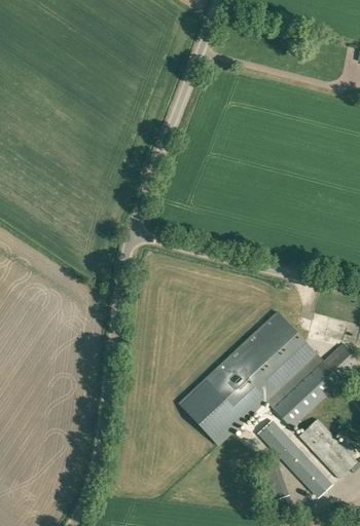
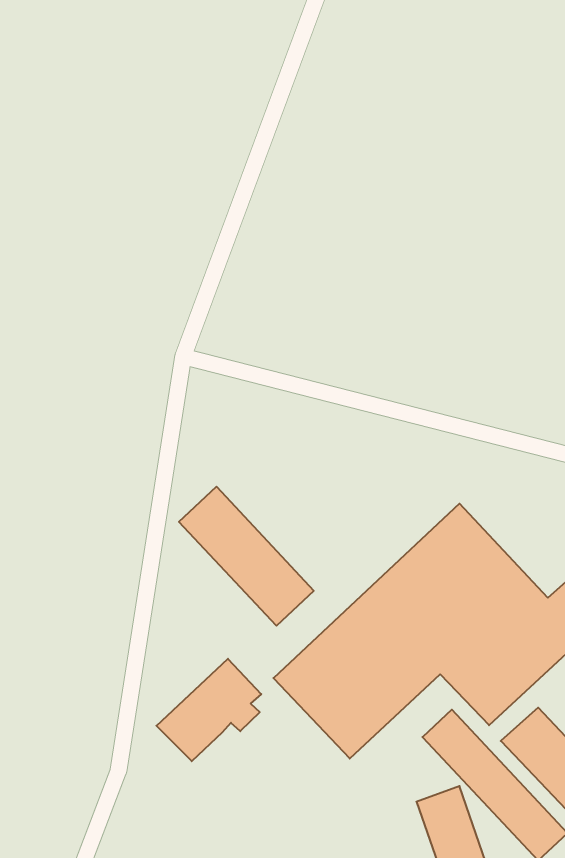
building: none -> [179,487,314,626]
building: none -> [156,659,261,761]

